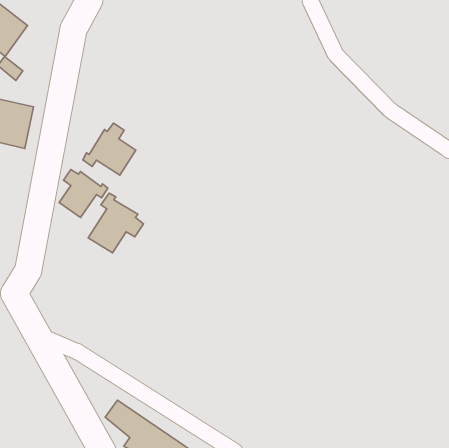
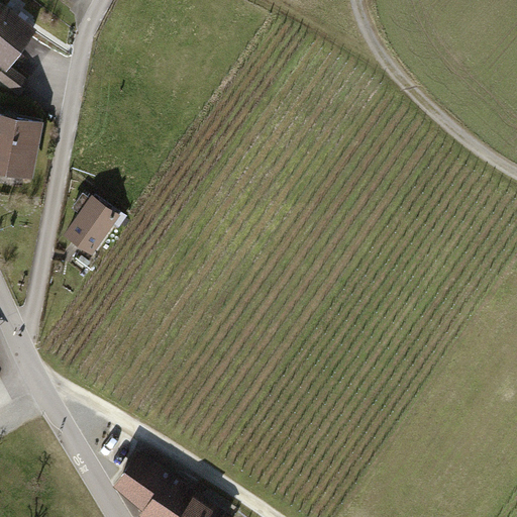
building: [83,123,136,175] -> none
building: [88,193,143,253] -> none

